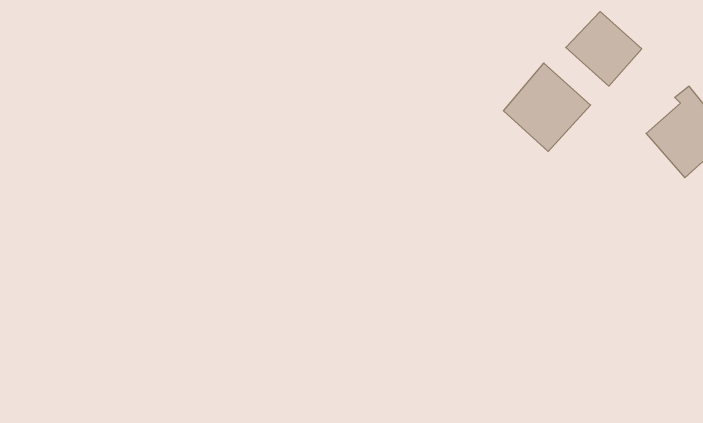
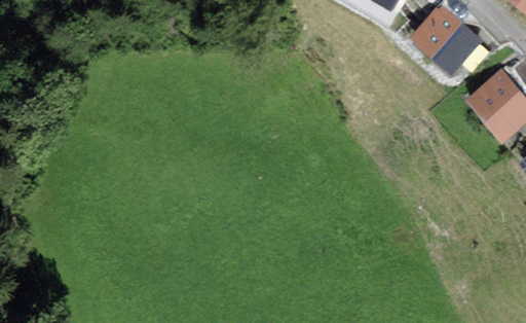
building: [503,63,591,151] -> none

